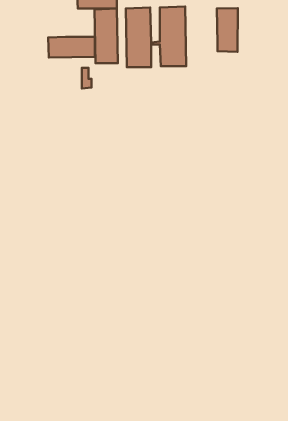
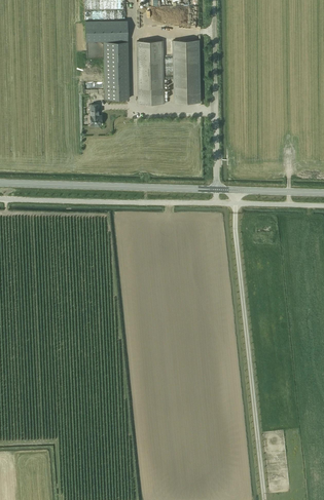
building: [217,8,238,52] -> none
building: [48,37,95,58] -> none

